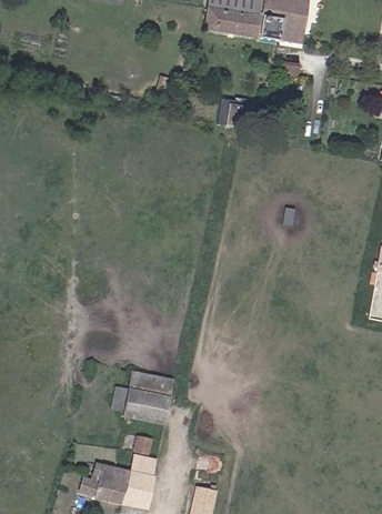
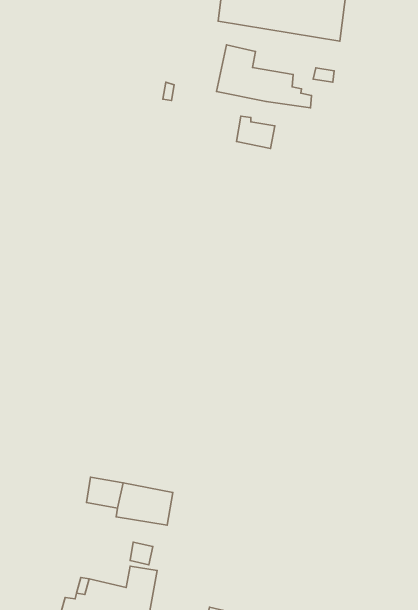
building: none -> [217,45,312,108]
building: [130,371,172,396] -> none

